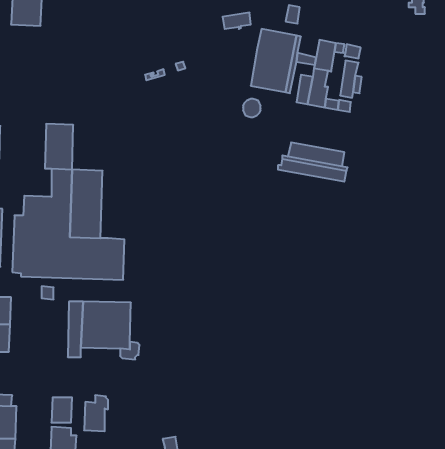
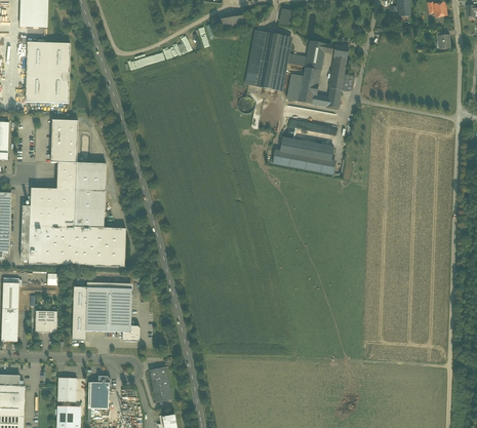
building: none -> [25,41,70,103]
building: none -> [34,310,56,332]
building: none -> [150,367,170,399]

